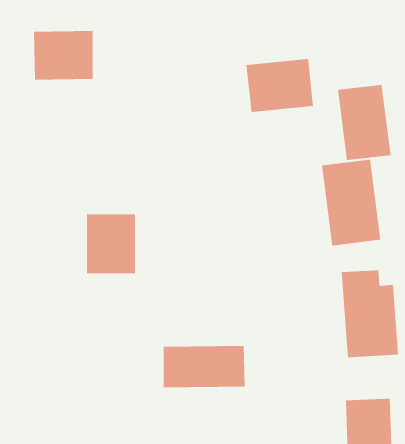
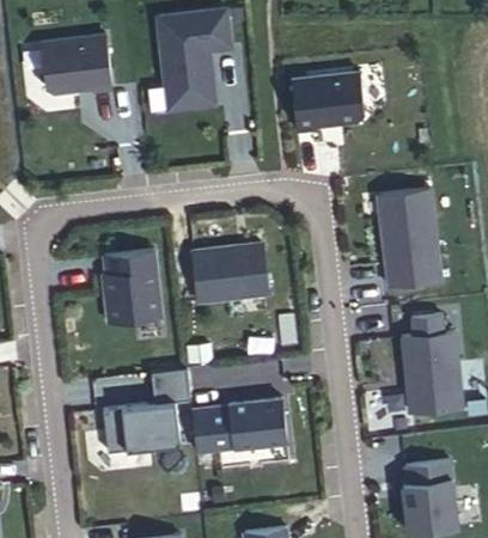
building: none -> [155,8,233,114]
building: [337,84,391,161] -> none
building: none -> [189,246,267,304]
building: none -> [102,369,189,448]

